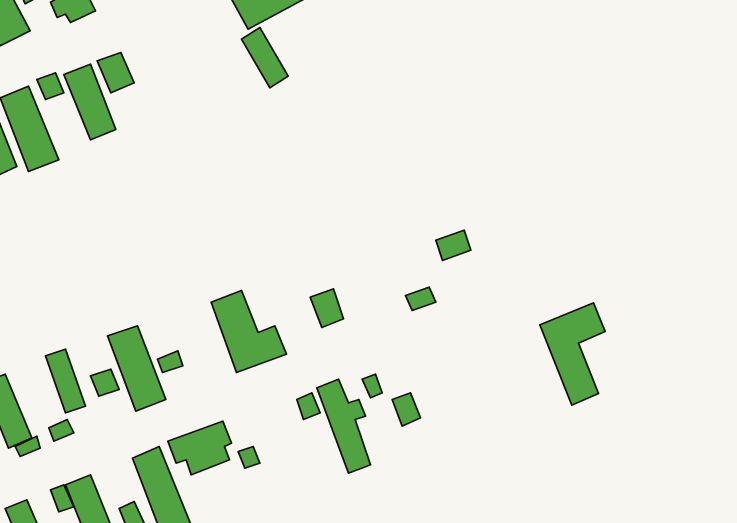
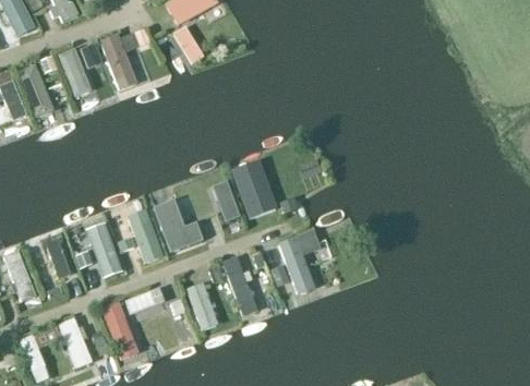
building: none -> [98,31,150,92]
building: none -> [230,158,277,218]
building: [540,303,605,405] -> [277,229,320,295]
building: none -> [127,206,165,262]
building: none -> [186,280,218,328]

